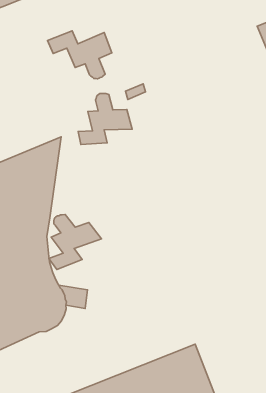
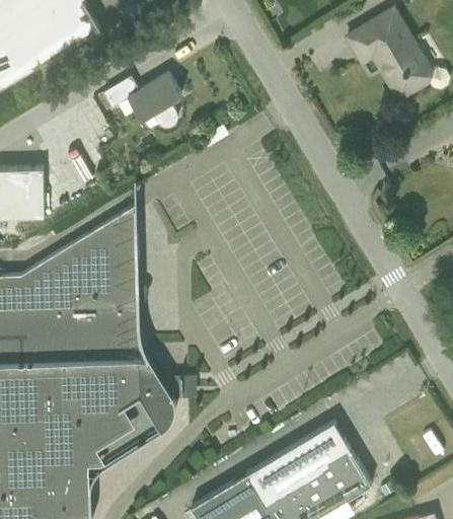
building: [78,93,132,144] -> none
building: [49,215,102,269] -> none

